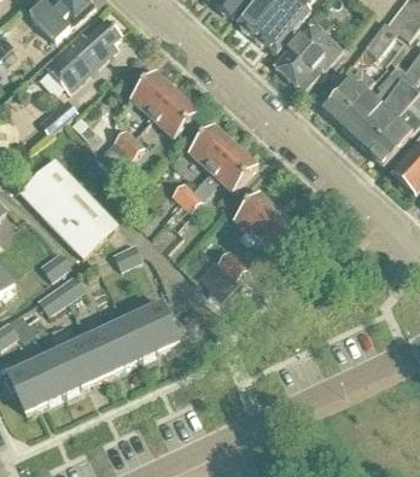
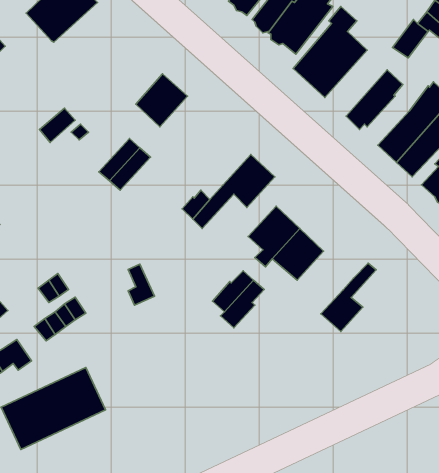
building: [45,18,121,91] -> none
building: [334,74,397,135] -> none
building: [152,91,199,138] -> none
building: [188,124,235,171] -> none
building: [19,159,117,257] -> none
building: none -> [321,263,376,331]
building: [84,303,179,377] -> none

